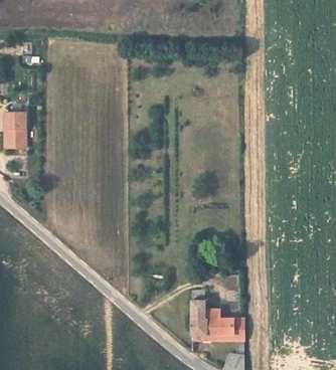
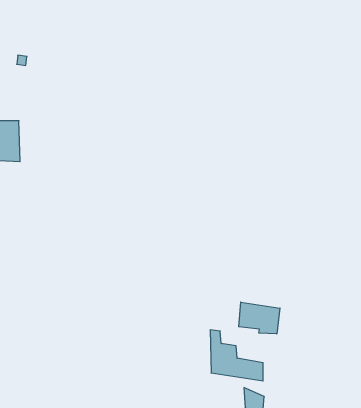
building: none -> [239,302,280,334]

